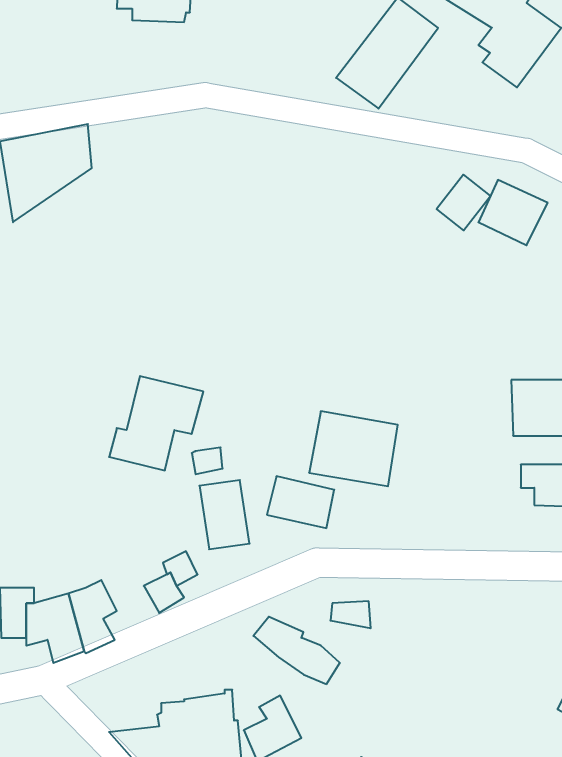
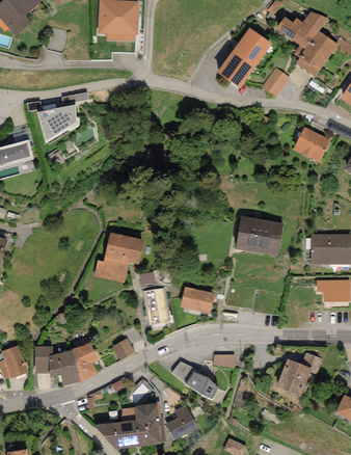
building: [437,175,491,230] -> [261,66,290,97]
building: [309,411,398,486] -> [235,215,282,256]
building: none -> [275,351,323,396]

